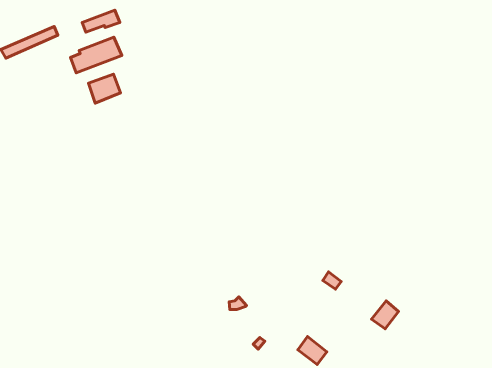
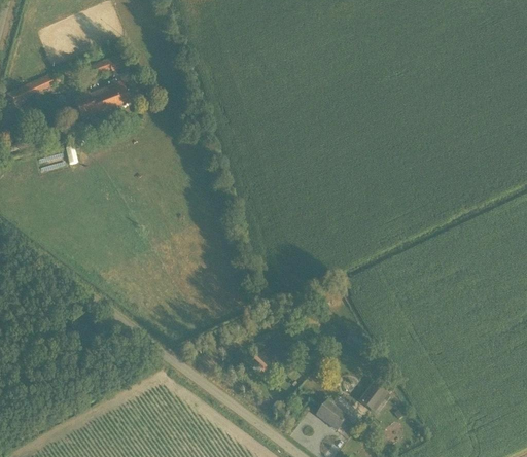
building: [88,74,121,103] -> none
building: [372,301,399,329] -> [360,381,389,411]

